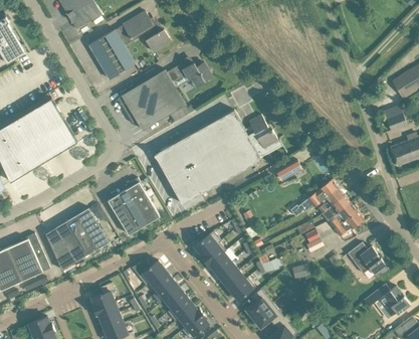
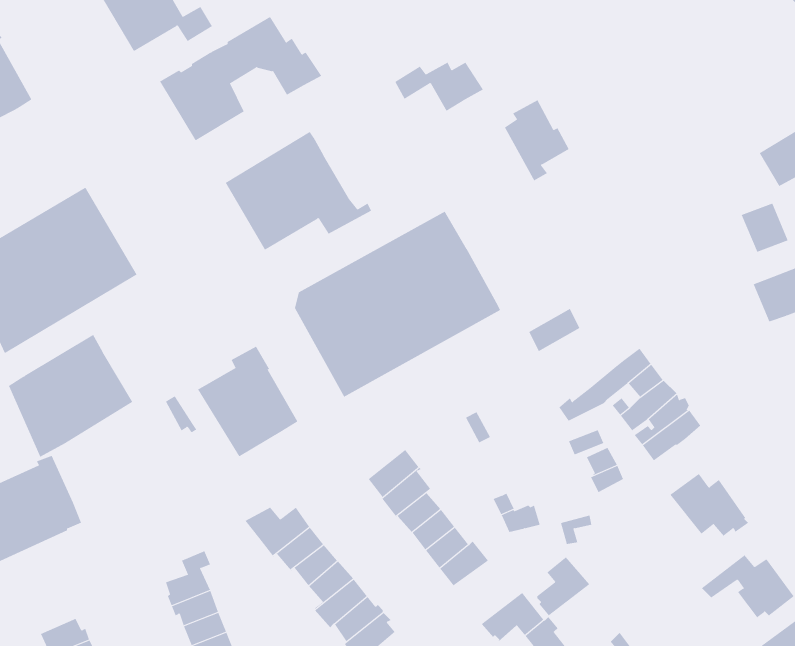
building: [167,63,212,89] -> [394,62,484,111]
building: [244,116,277,157] -> [504,100,570,181]
building: [45,208,109,271] -> [8,334,133,457]
building: [245,290,272,320] -> [537,556,590,616]

